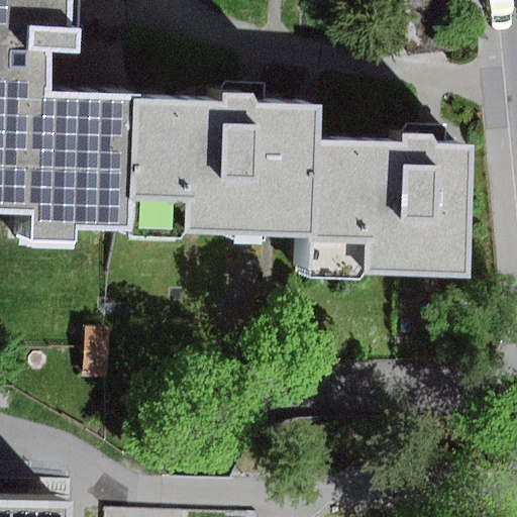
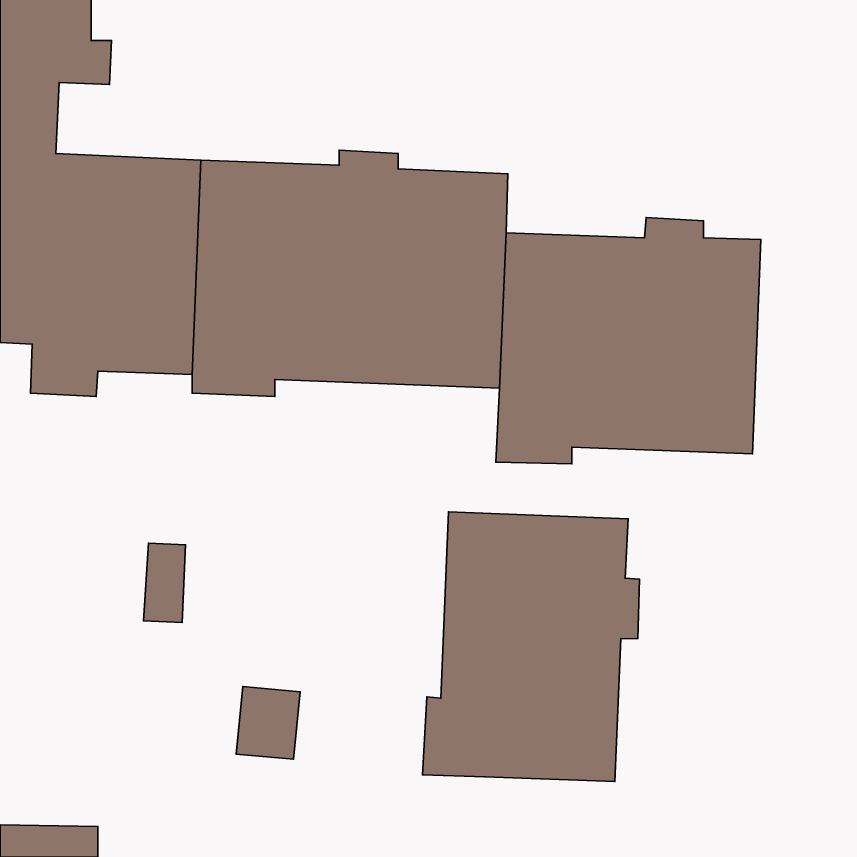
building: none -> [423,512,639,781]

